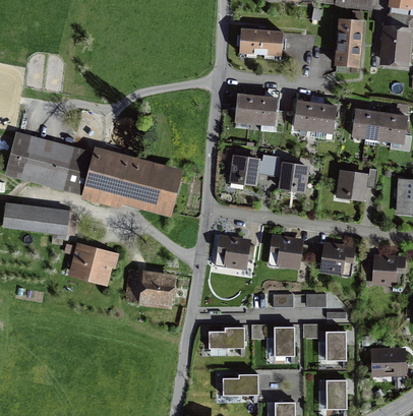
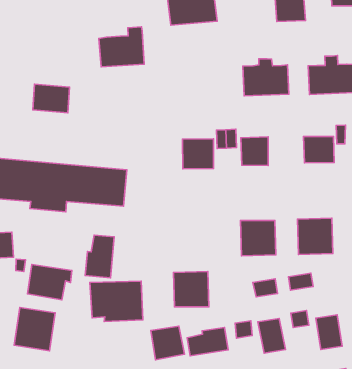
building: none -> [33,84,69,113]
building: [236,90,278,124] -> [99,27,144,67]
building: none -> [85,235,114,278]
building: [216,235,250,271] -> [174,272,209,307]
building: none -> [14,307,55,351]
building: none -> [151,326,185,360]

